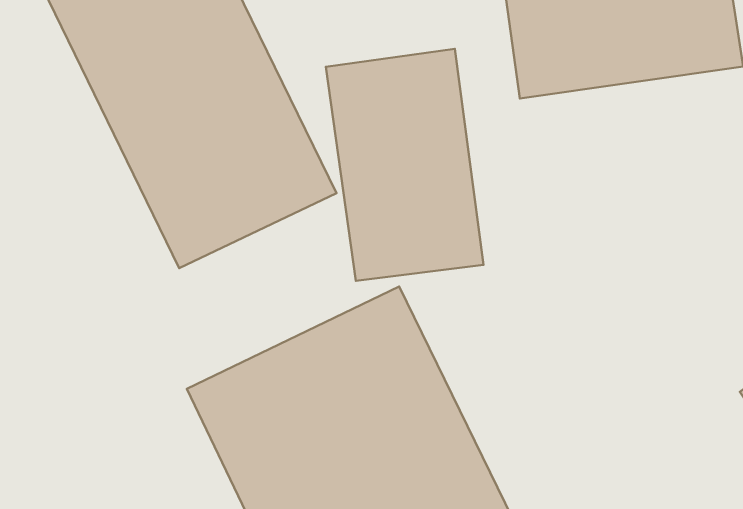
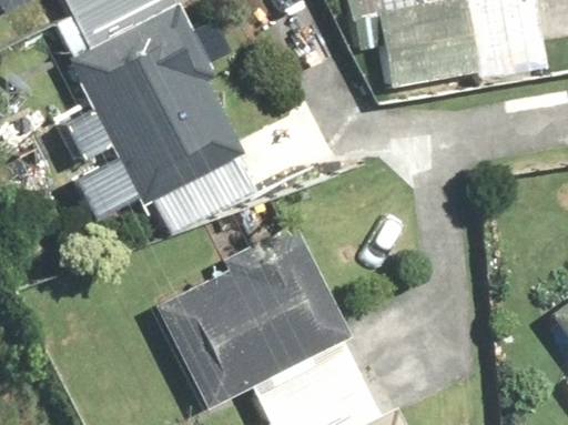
building: [326,49,484,281] -> none

